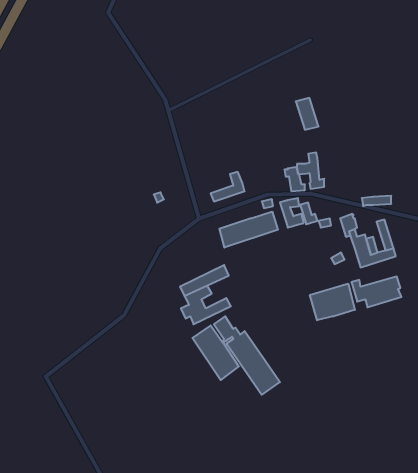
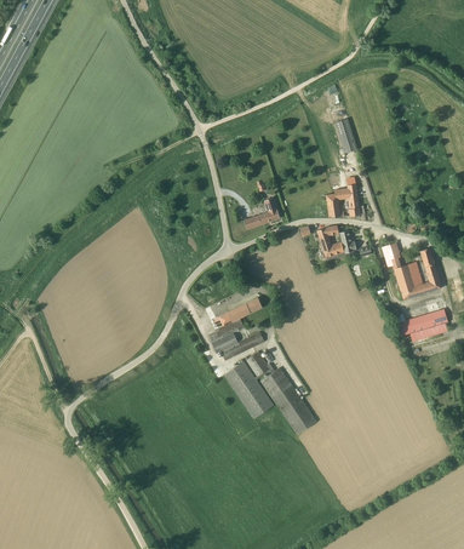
building: [219,212,278,248] -> none
building: [310,284,355,320] -> none

